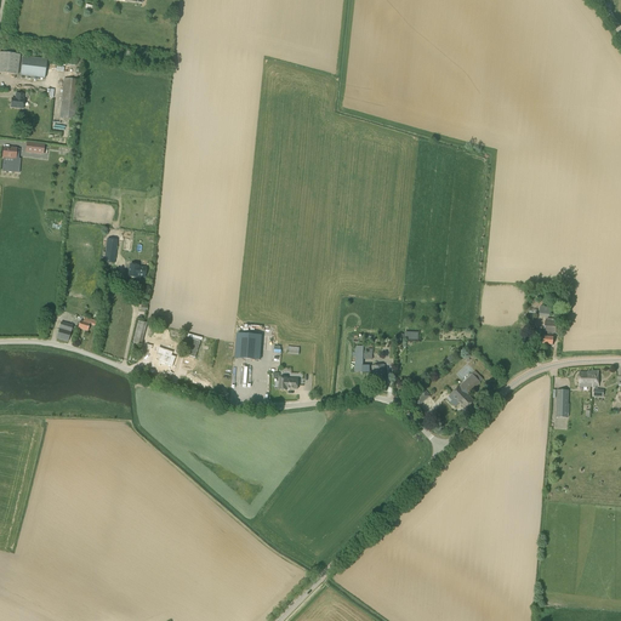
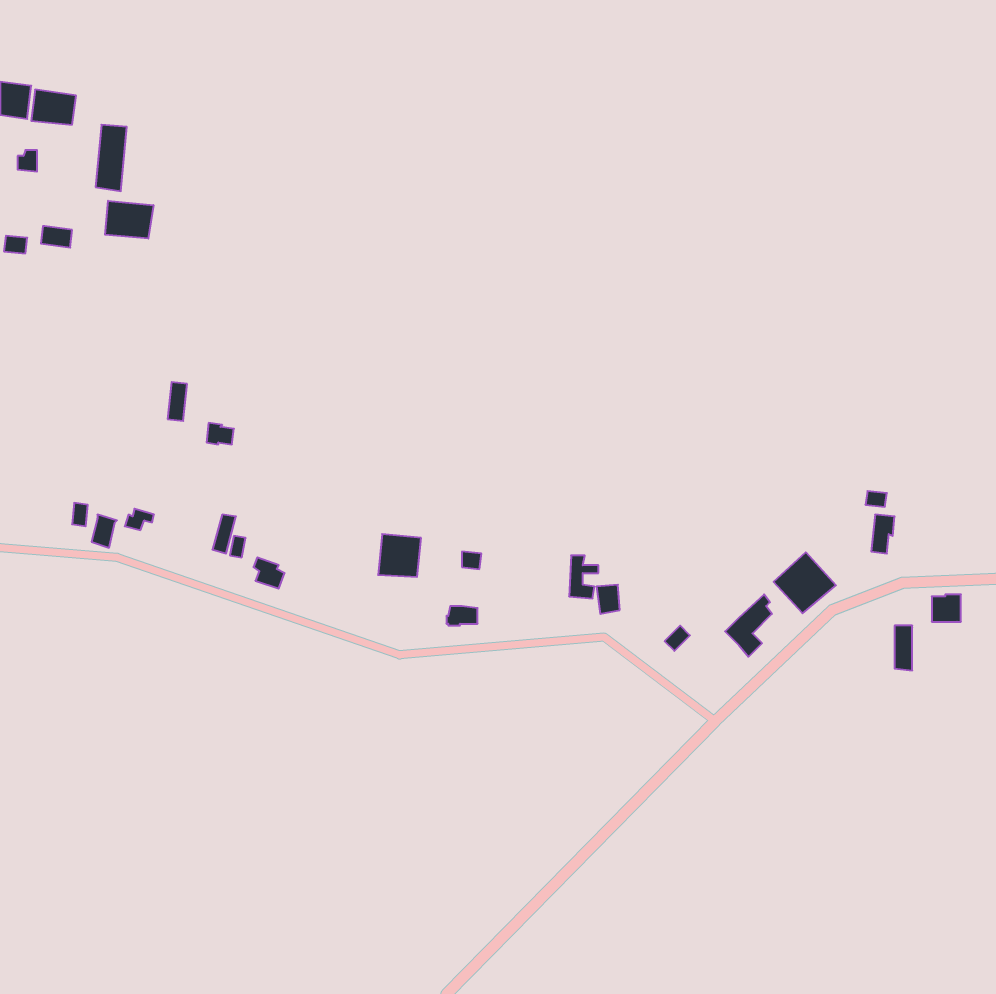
building: none -> [105,201,153,239]
building: none -> [774,552,836,613]

